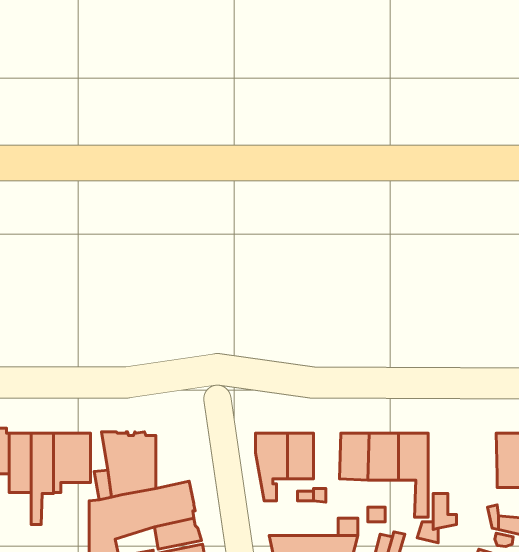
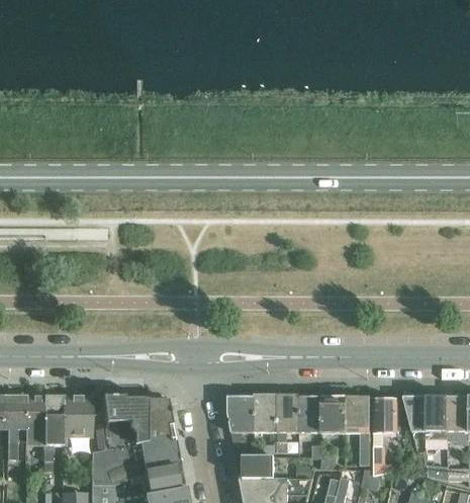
building: none -> [403,394,427,430]
building: none -> [276,396,298,433]
building: none -> [373,396,396,432]
building: none -> [147,399,174,441]
building: none -> [236,456,274,480]

